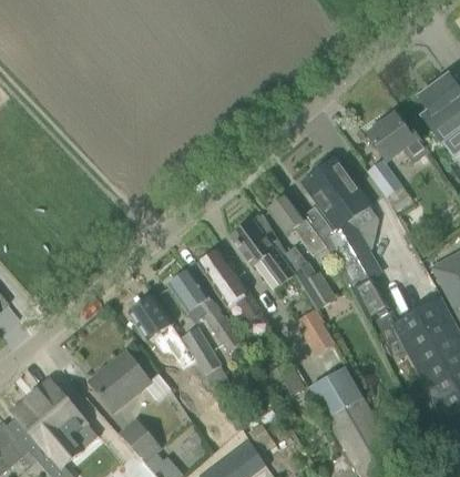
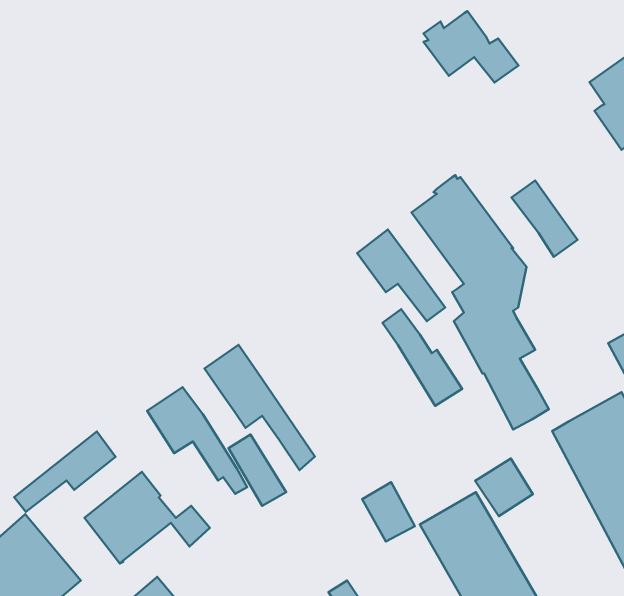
building: [367,114,429,161] -> [423,11,518,83]
building: [231,213,294,283] -> none
building: [197,248,262,319] -> none
building: [298,321,336,358] -> [475,459,533,516]
building: none -> [14,432,116,512]

